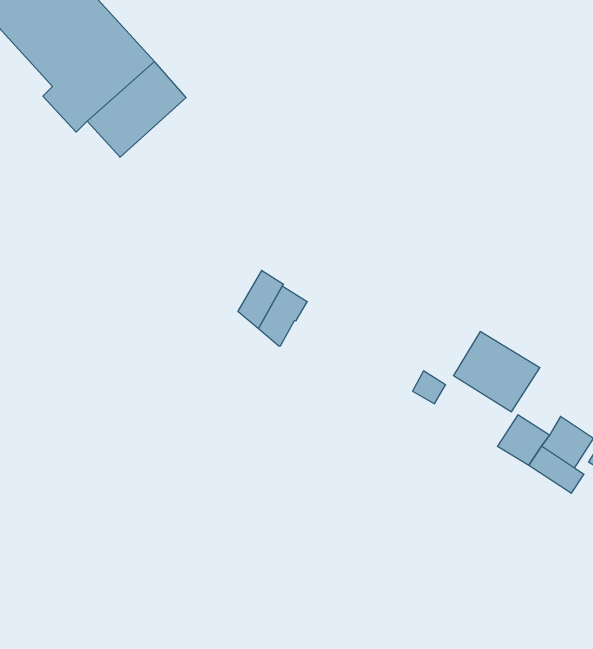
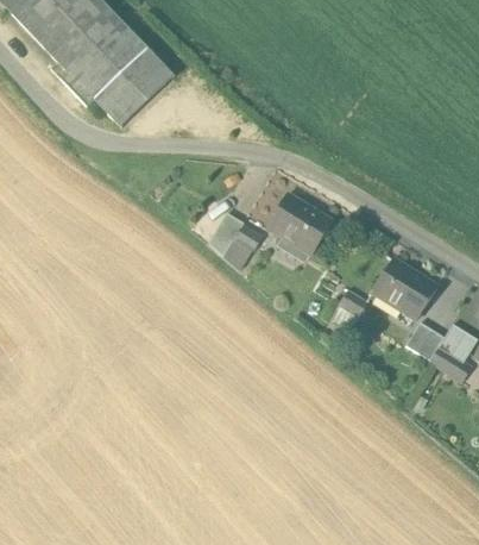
building: none -> [266,194,332,253]

